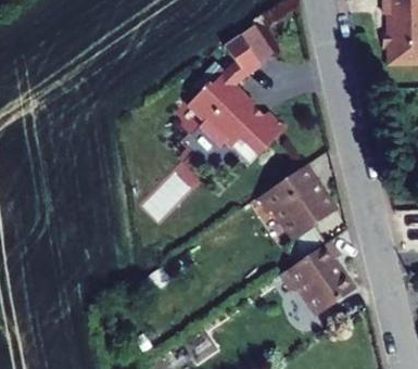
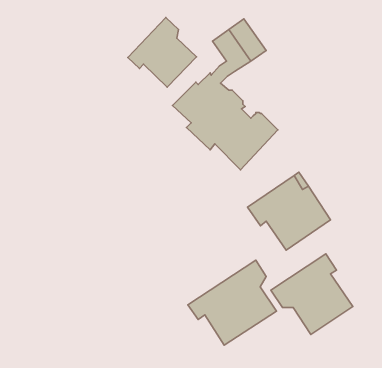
building: none -> [128,17,197,87]
building: none -> [188,260,276,345]

